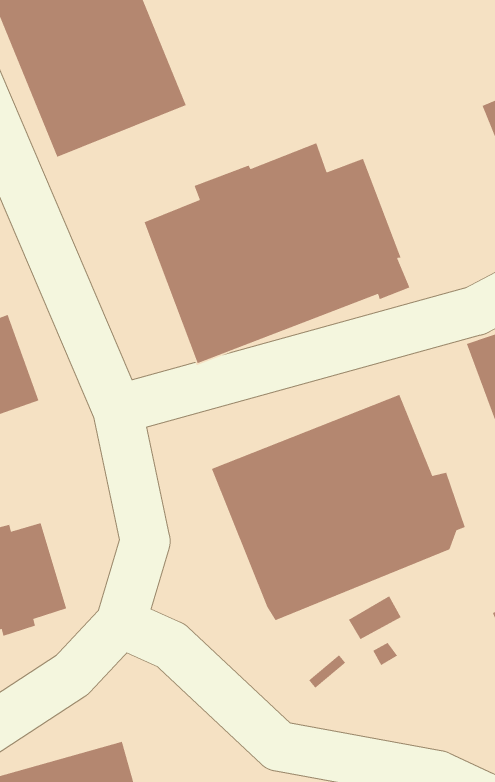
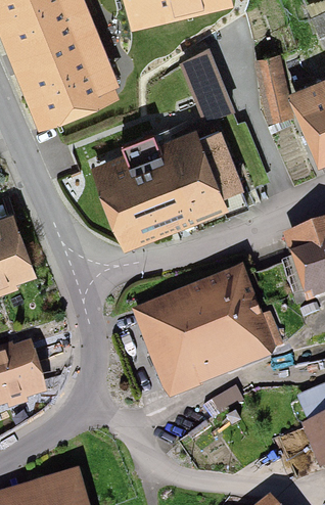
building: none -> [179,43,234,120]
building: none -> [259,59,288,113]

